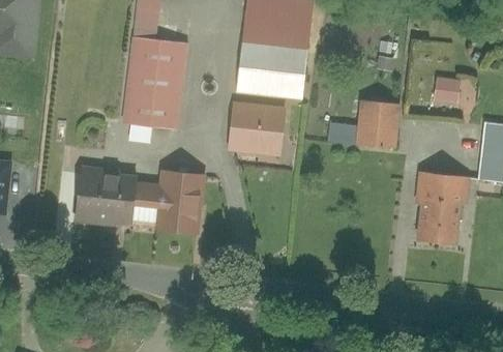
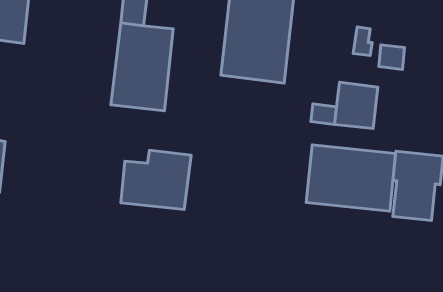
building: [433,77,460,102] -> [379,45,405,69]
building: [227,101,286,155] -> none
building: none -> [306,145,395,211]
building: [72,170,137,226] -> none

